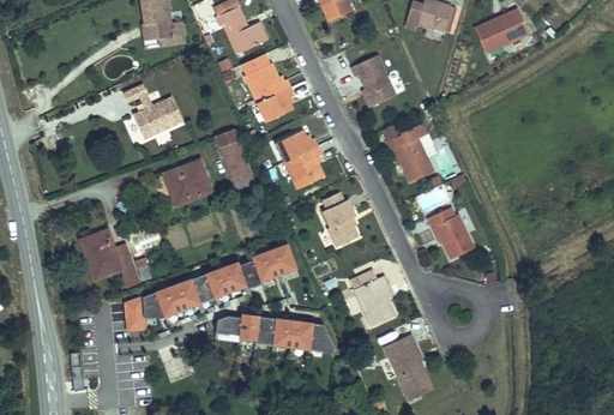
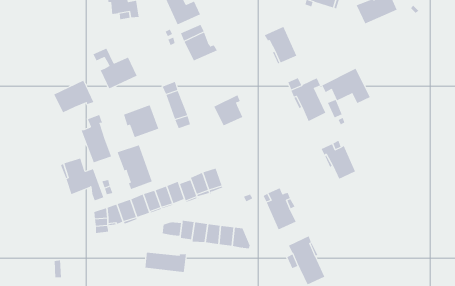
building: [258,88,294,121] -> none
building: none -> [322,68,370,104]
building: none -> [53,80,94,113]
building: [276,130,317,162] -> none
building: none -> [81,114,112,163]
building: [323,193,359,246] -> none
building: none -> [117,145,153,190]
building: none -> [145,252,186,273]

